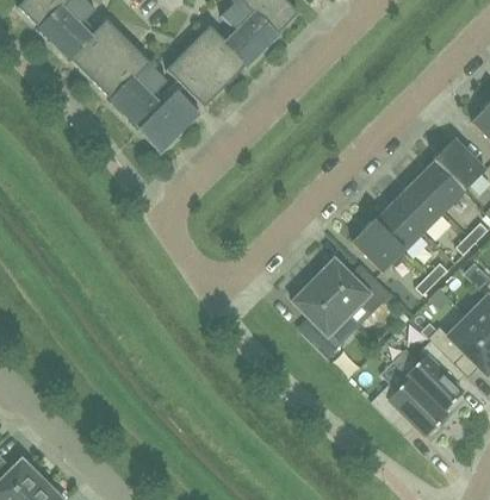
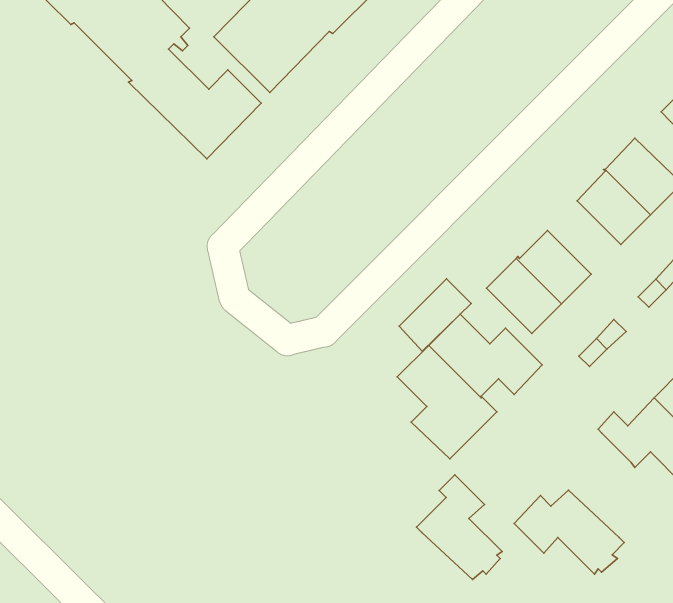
building: [395,180,445,230] -> none
building: none -> [399,279,471,351]
building: [405,338,464,410] -> [416,475,502,579]

